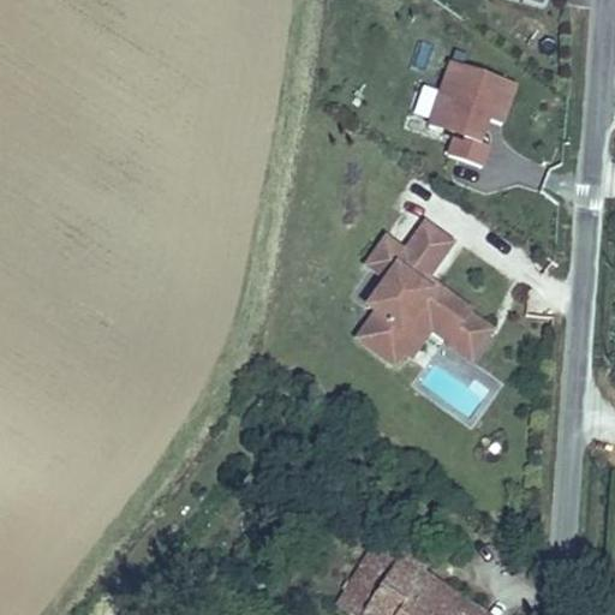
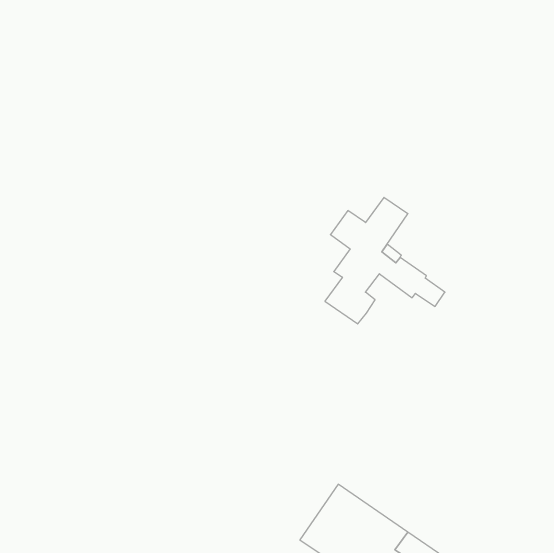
building: [426,61,514,166] -> none
building: [406,306,483,357] -> none

